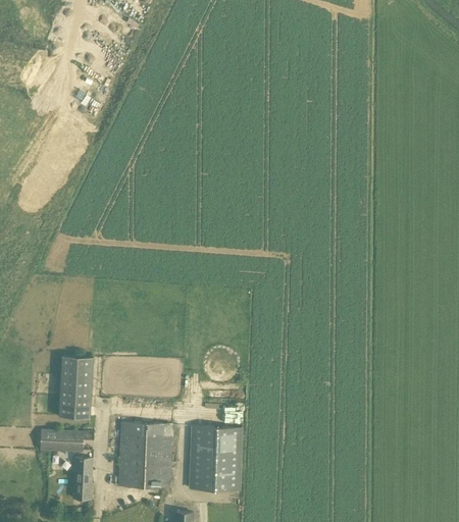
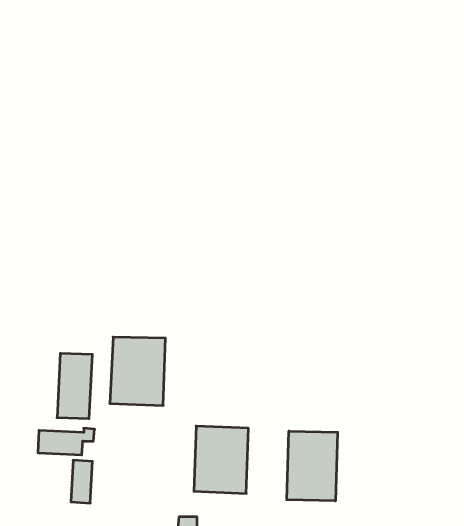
building: [118,422,171,487] -> [110,337,165,405]
building: none -> [287,431,338,501]

